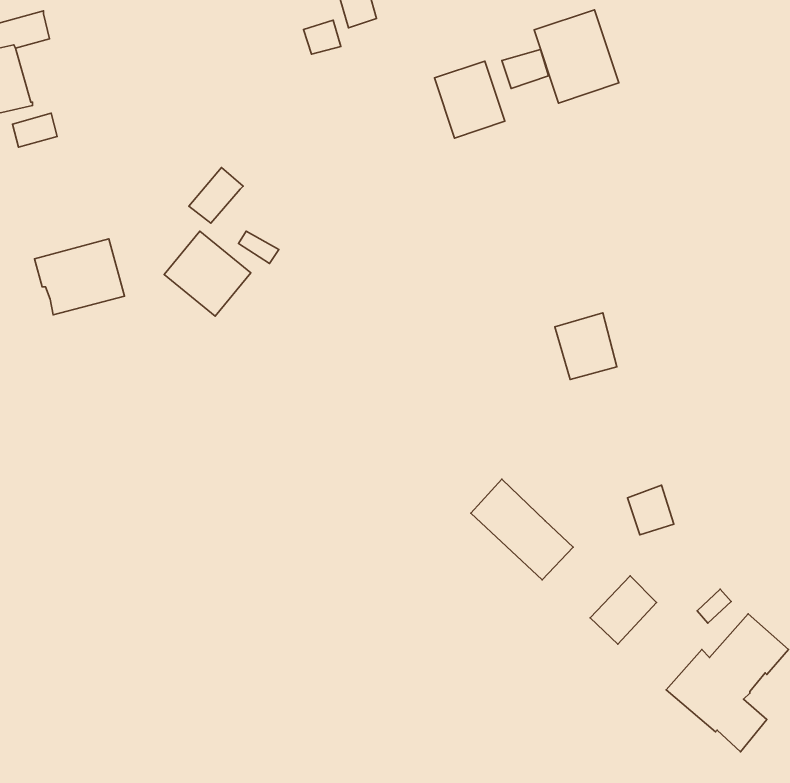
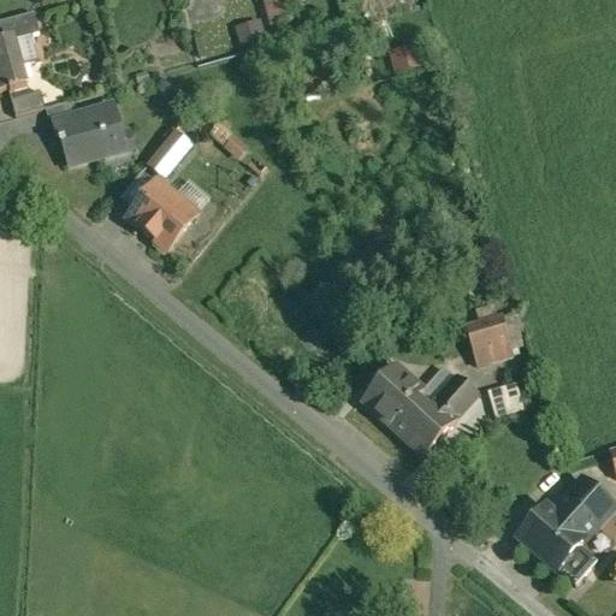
building: [534,10,619,103] -> none
building: [435,61,505,138] -> none
building: [35,239,124,315] -> [54,102,124,161]
building: [555,313,617,379] -> [464,310,513,362]
building: [590,576,657,644] -> [424,372,475,425]

